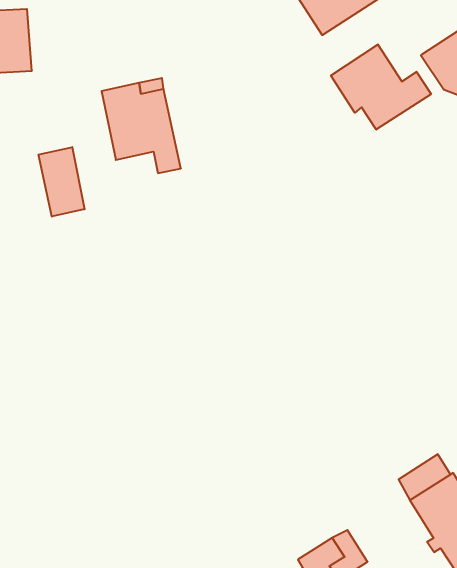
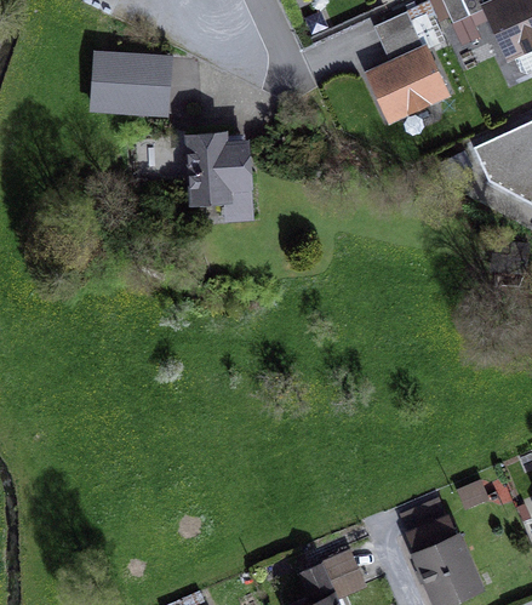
building: none -> [132,57,170,114]
building: [331,44,431,130] -> none
building: [39,147,85,217] -> none

